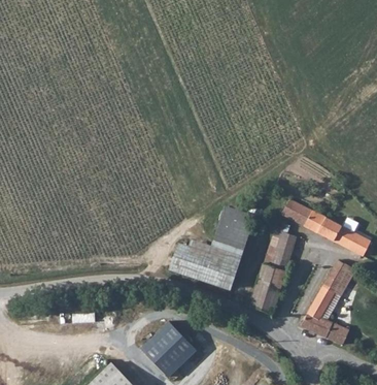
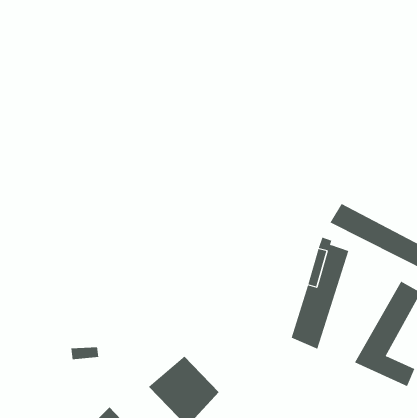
building: [170,206,255,289] -> none

